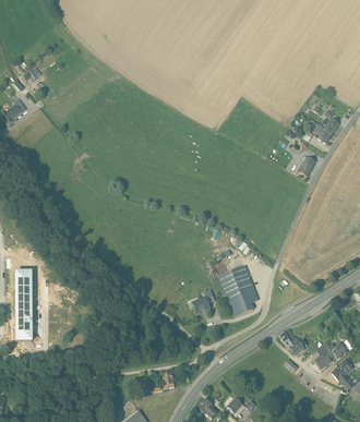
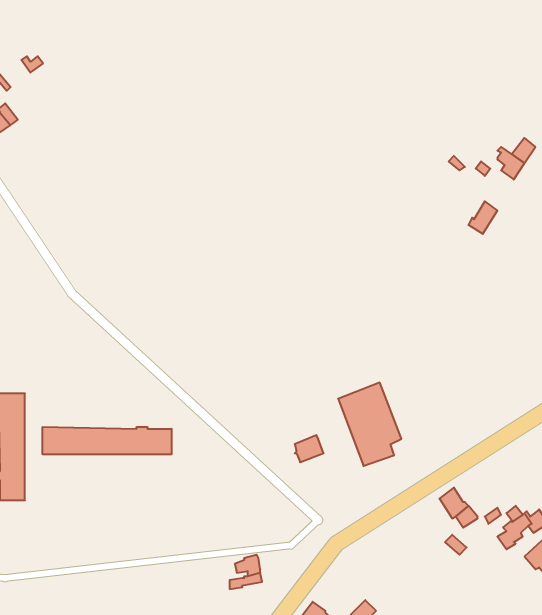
building: none -> [43,427,172,454]

